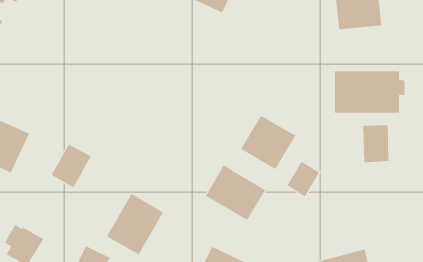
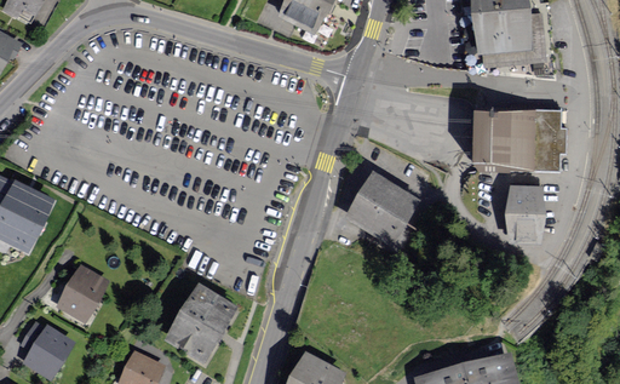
building: [51,144,91,188] -> [53,264,109,325]
building: [287,161,320,197] -> none
building: [205,164,266,221] -> none

